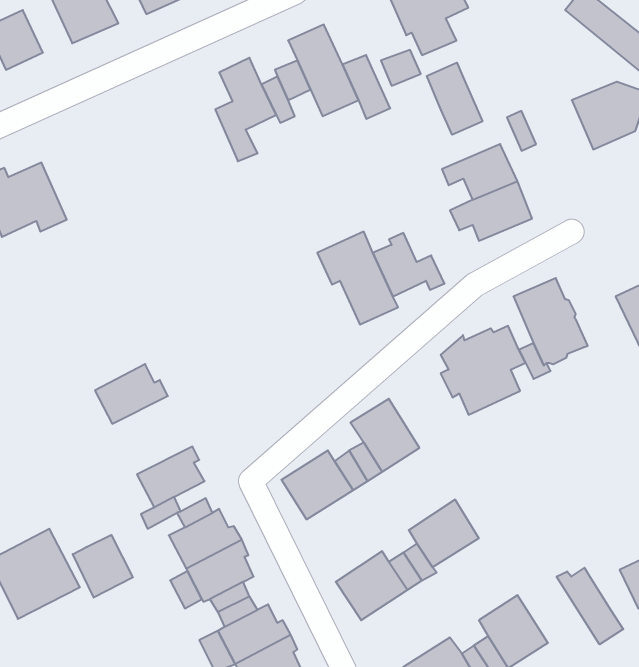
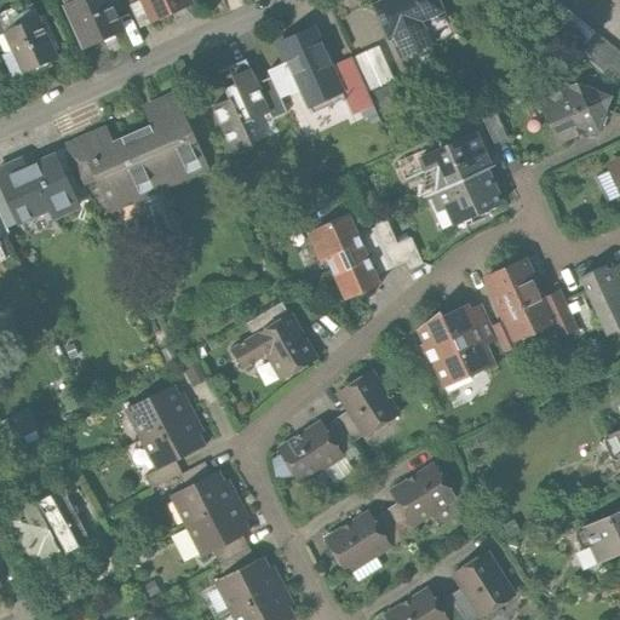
building: [427,63,482,135] -> none
building: none -> [64,92,208,211]
building: none -> [542,288,578,338]
building: none -> [232,314,317,379]
building: [95,364,168,424] -> [126,384,193,438]
building: [73,535,133,598] -> none
building: [557,568,623,644] -> none

